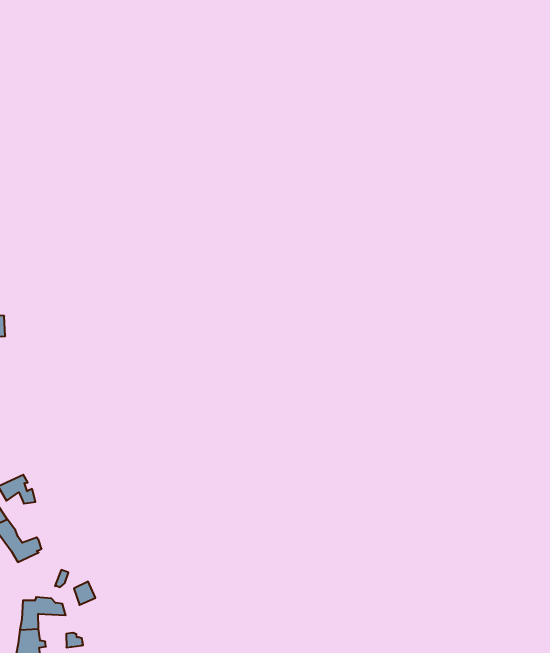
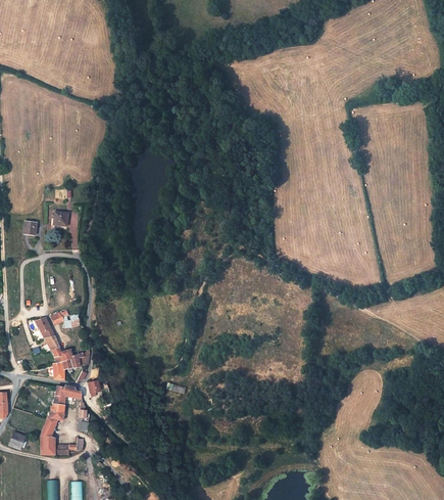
building: none -> [53,352,90,380]

